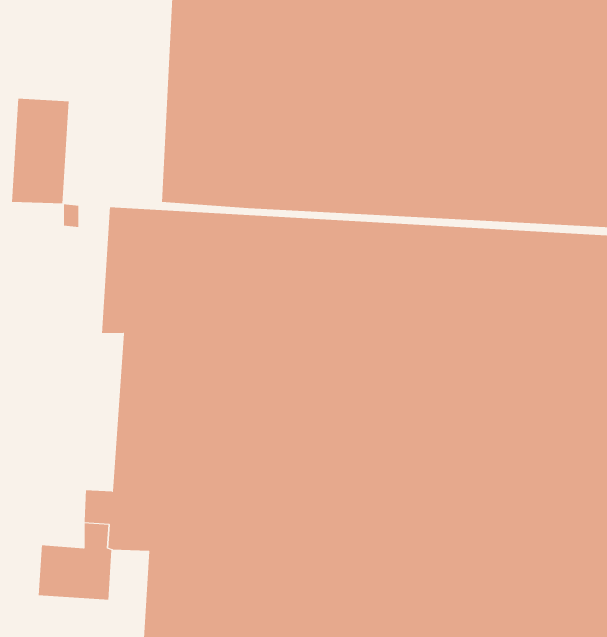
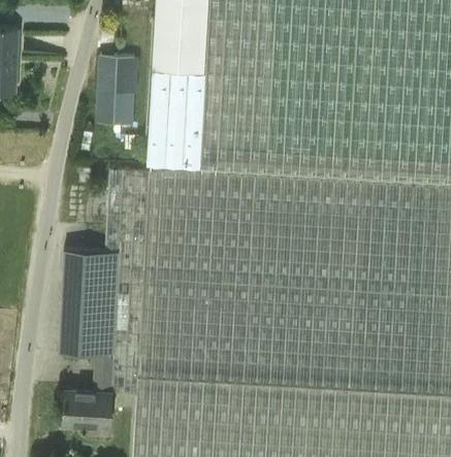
building: [11,98,70,204] -> [99,52,137,121]
building: none -> [62,247,122,352]

